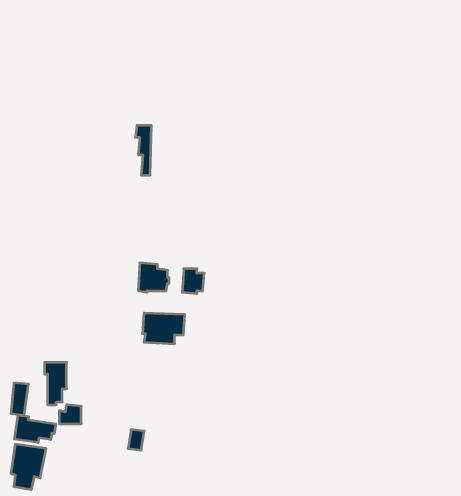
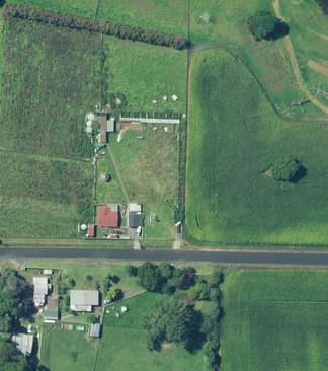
building: [142,313,185,344] -> [69,289,98,310]
building: [14,415,56,443] -> none

